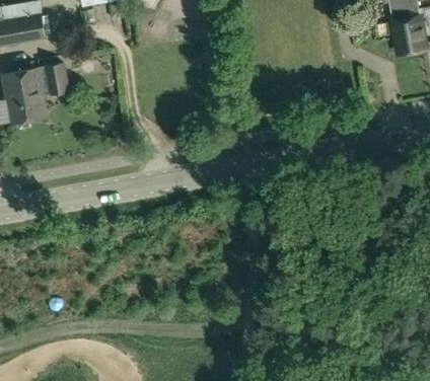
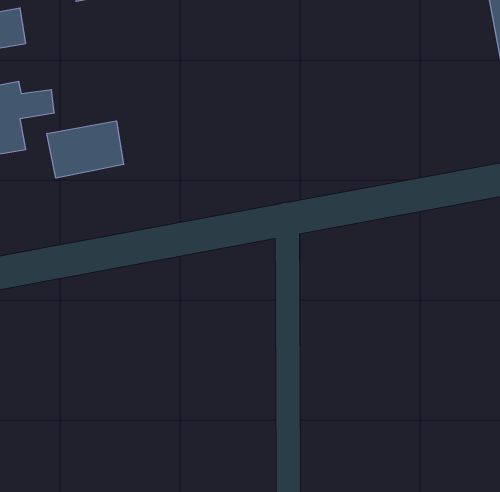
building: none -> [47,121,124,178]

